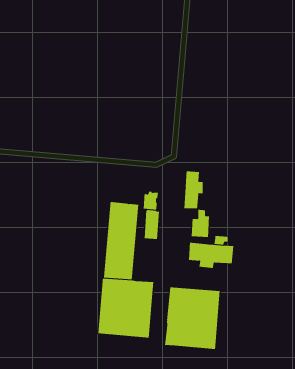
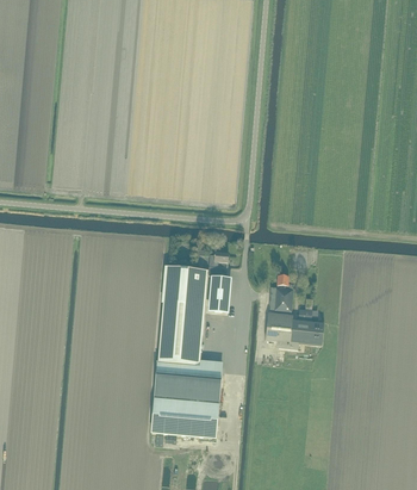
building: [184,170,203,209] -> none
building: [165,286,220,350] -> none

